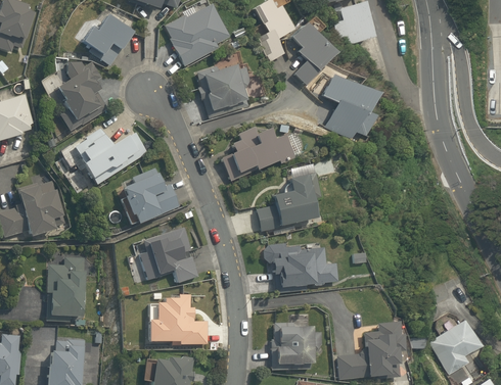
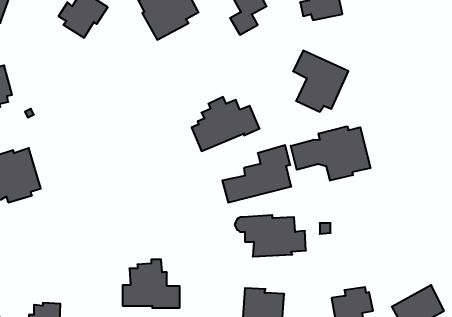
building: [295,30,335,87] -> none
building: [53,60,107,131] -> none
building: [196,63,248,117] -> none
building: [75,127,146,184] -> none
building: none -> [291,126,370,181]
building: [122,166,179,224] -> none
building: [139,226,198,283] -> none
building: [47,256,84,316] -> none

